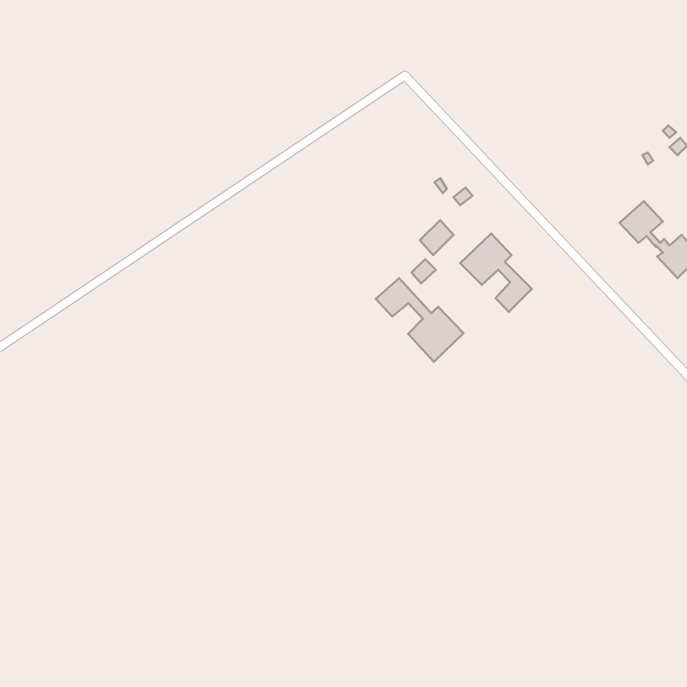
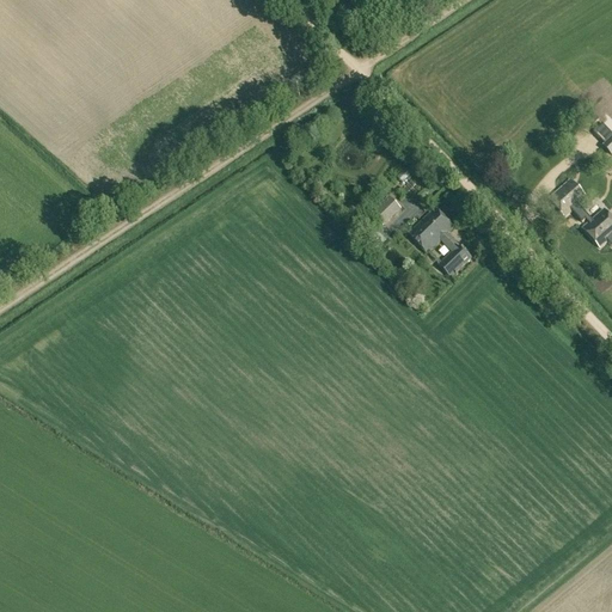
building: [376,278,464,362] -> none

